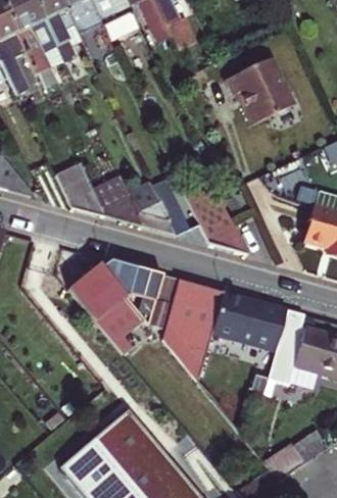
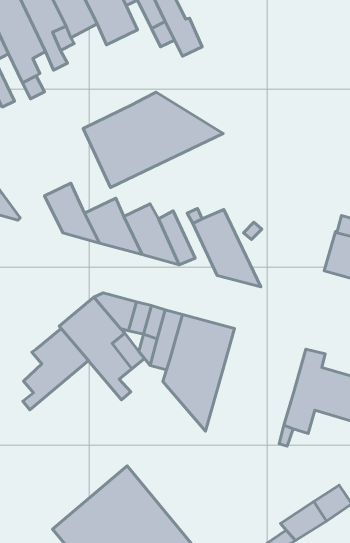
building: [227,56,295,123] -> none
building: none -> [83,92,223,187]
building: [213,291,288,349] -> none
building: none -> [23,329,88,410]

